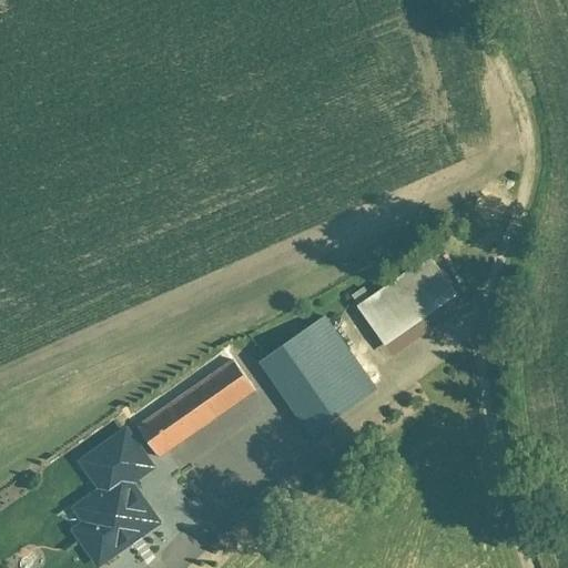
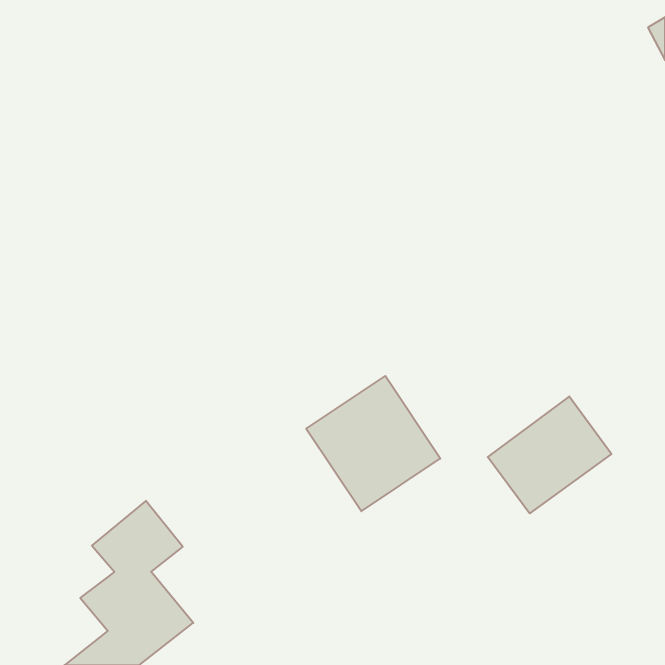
building: [358,248,463,347] -> [488,396,611,513]
building: [140,359,258,454] -> none

